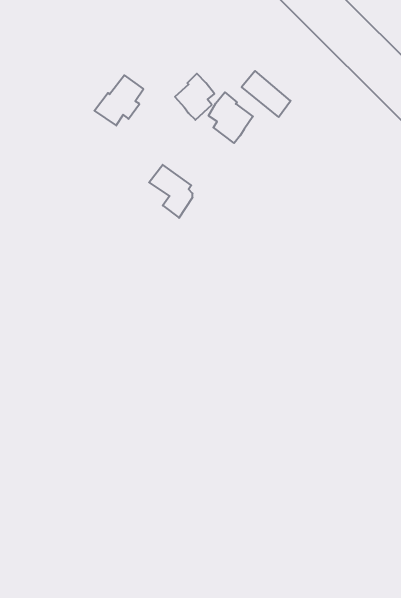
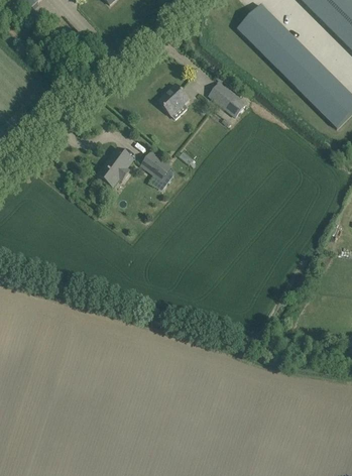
building: [94,75,143,126] -> [96,147,132,185]
building: [209,92,253,143] -> none

